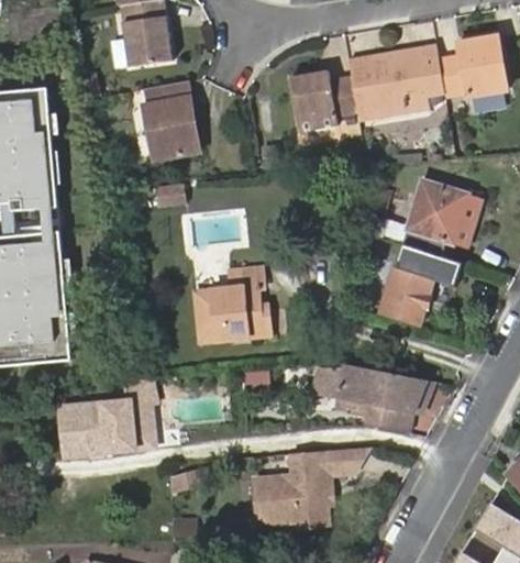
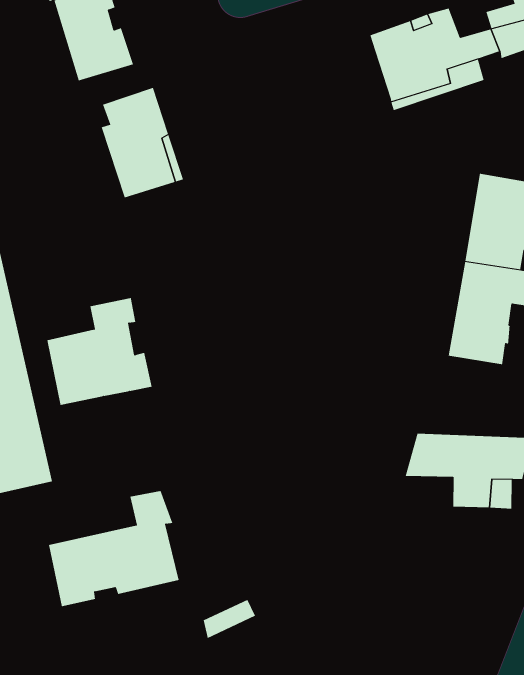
building: [291,73,359,132] -> none
building: [196,269,269,342] -> [47,297,153,405]
building: [253,446,356,525] -> none

